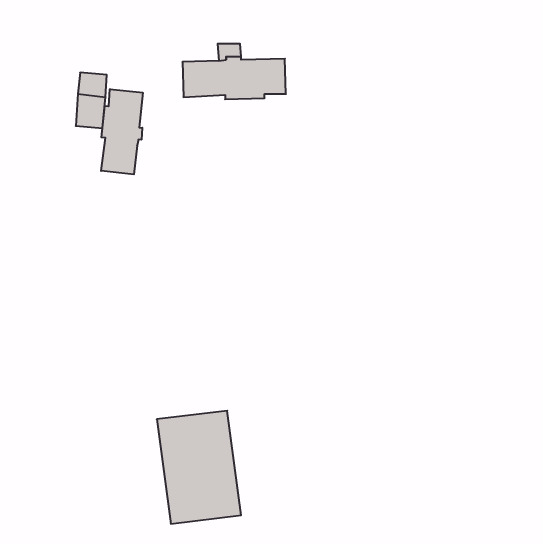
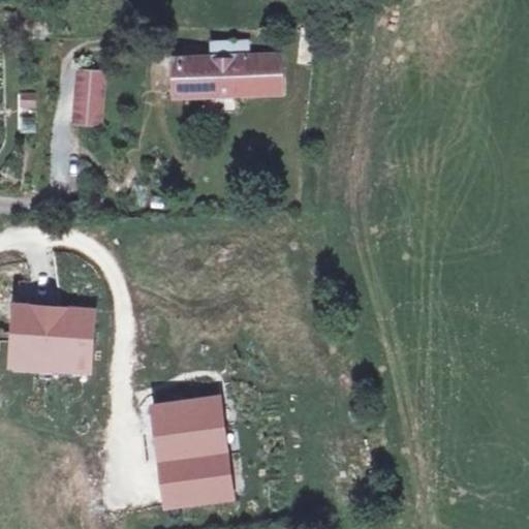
building: [101,89,143,174] -> none
building: none -> [10,306,91,370]

